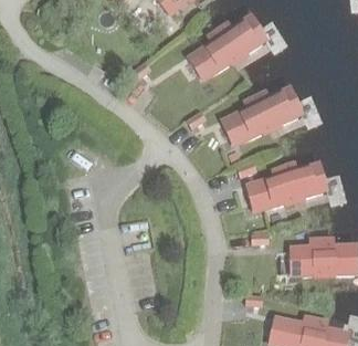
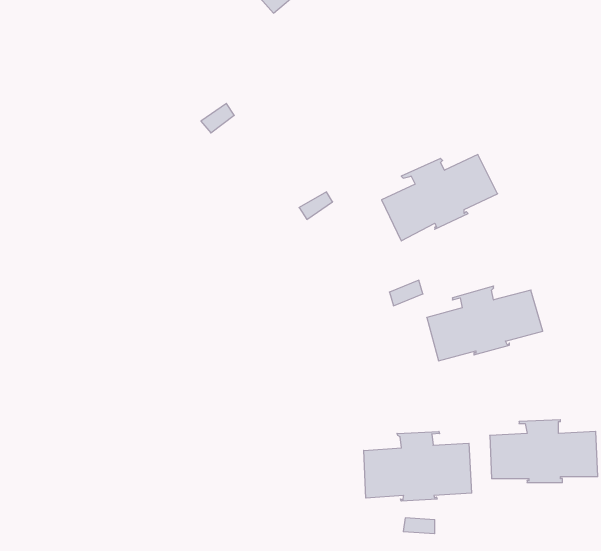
building: [199,20,263,74] -> none
building: none -> [364,431,472,501]

